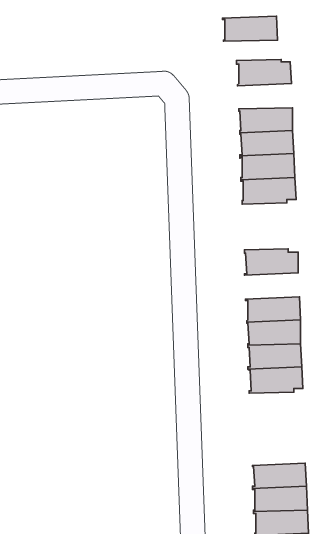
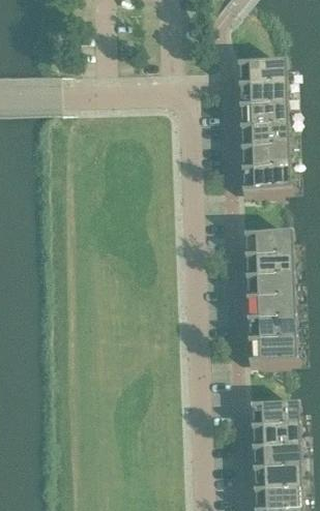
building: [222,16,278,41] -> [237,81,287,103]
building: none -> [243,251,293,275]
building: none -> [250,400,298,425]

